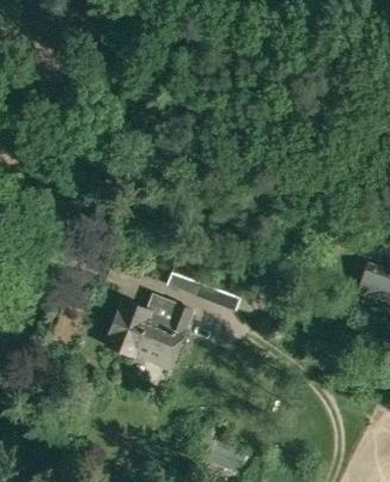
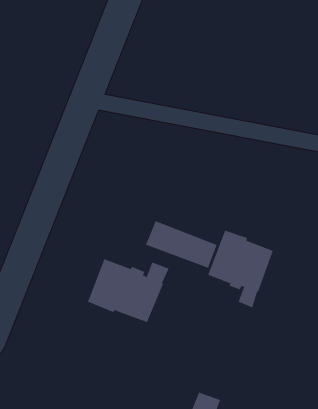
building: none -> [208,230,273,308]

